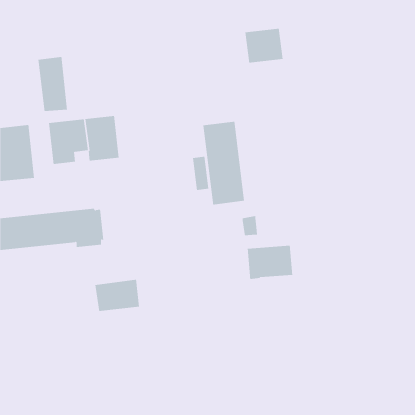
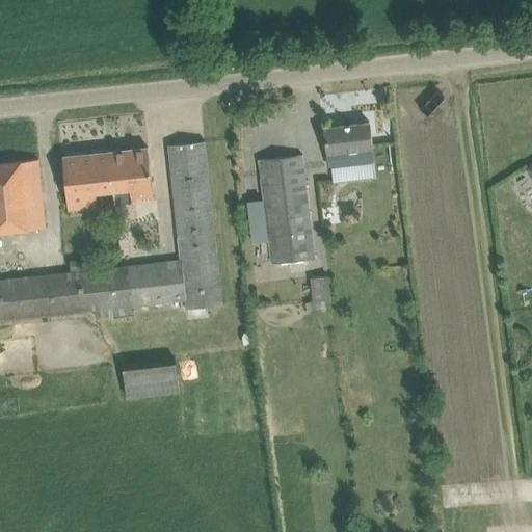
building: [244,28,283,63] -> [323,124,373,168]
building: [38,56,68,112] -> none
building: none -> [121,142,221,308]
building: [247,245,293,280] -> none

